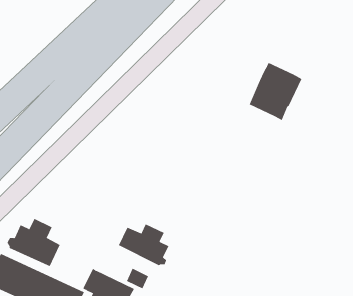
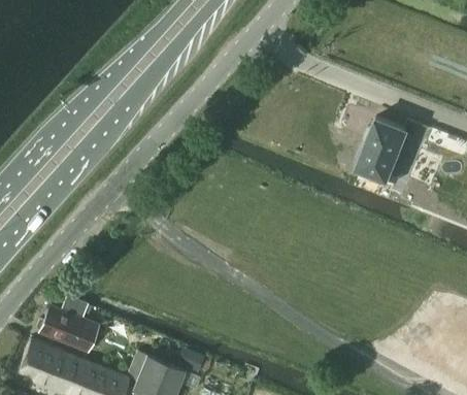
building: [249,62,303,121] -> [357,118,416,184]
building: [118,224,169,266] -> none

